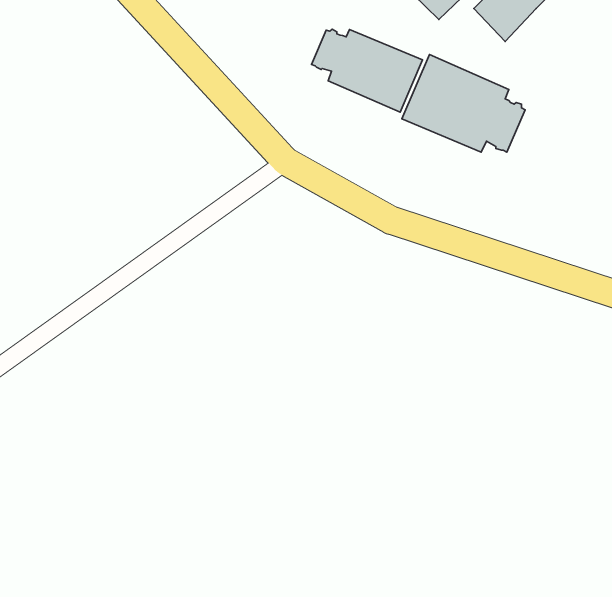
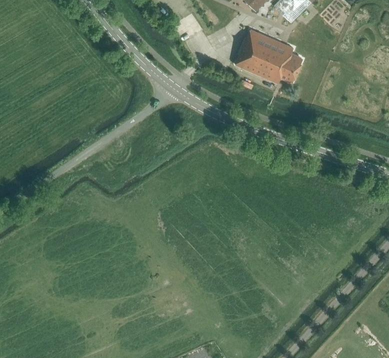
building: [312,29,422,112] -> none

